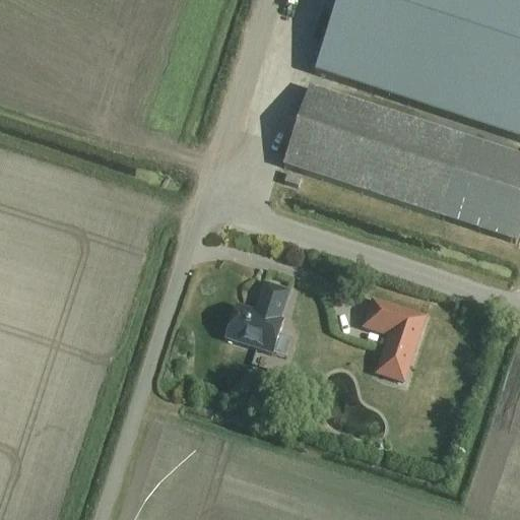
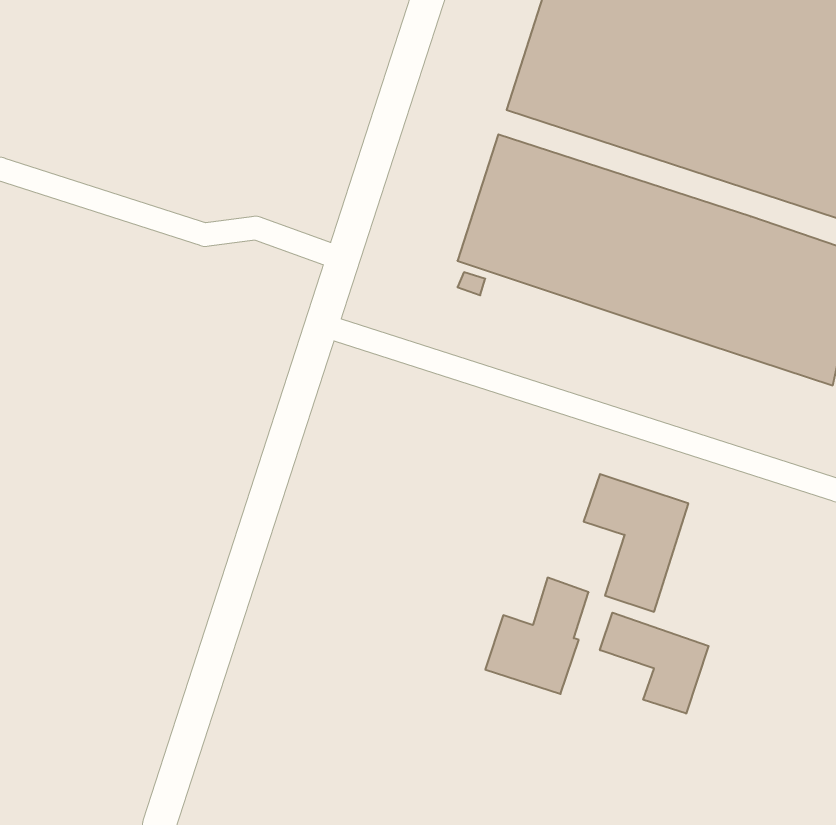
building: [225,278,289,350] -> [485,578,589,694]
building: none -> [600,613,709,714]

